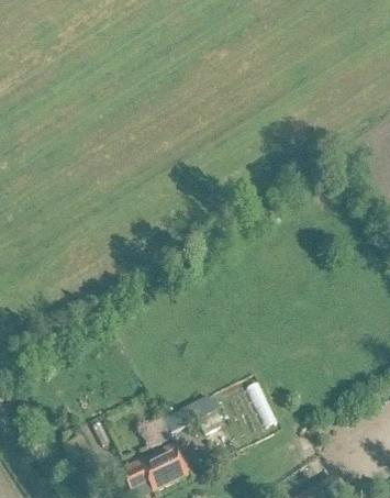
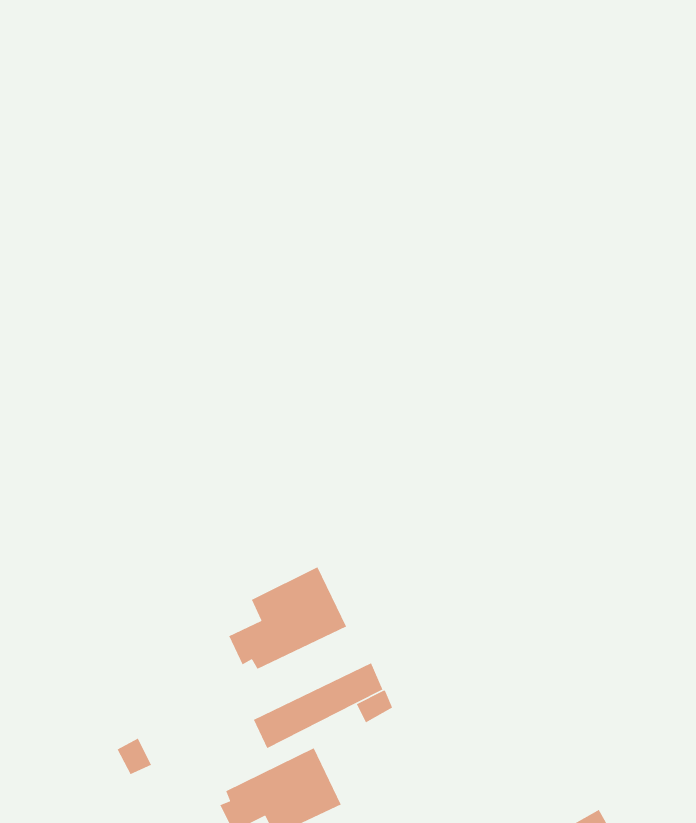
building: none -> [228,566,347,670]

